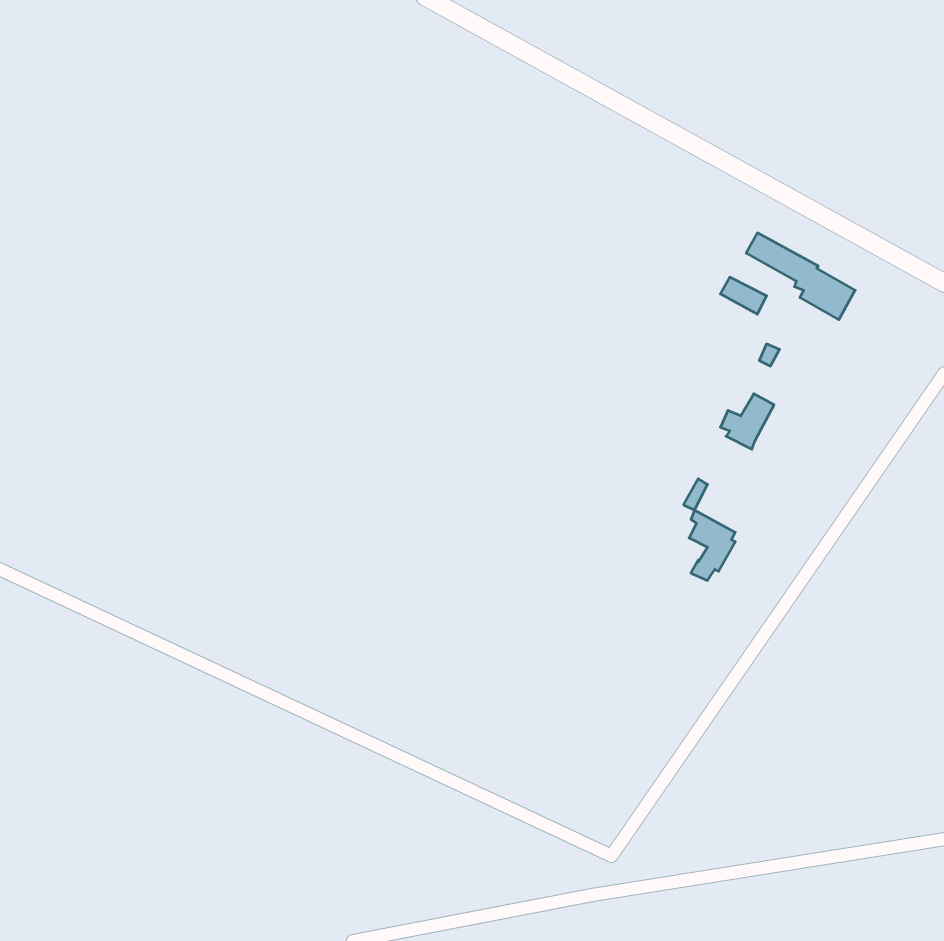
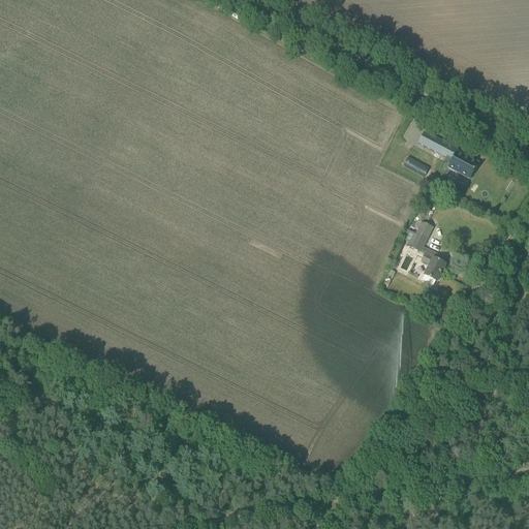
building: [689,510,735,580] -> [419,246,445,285]

